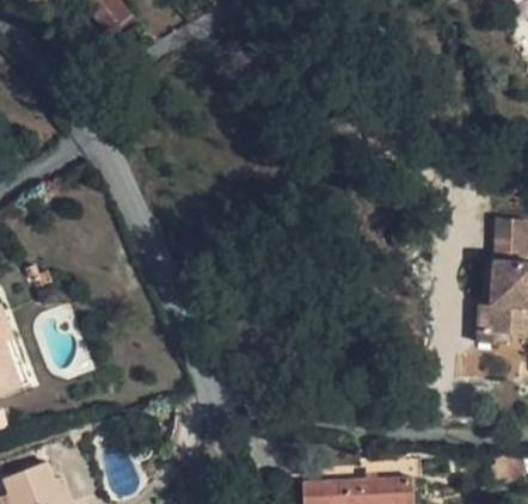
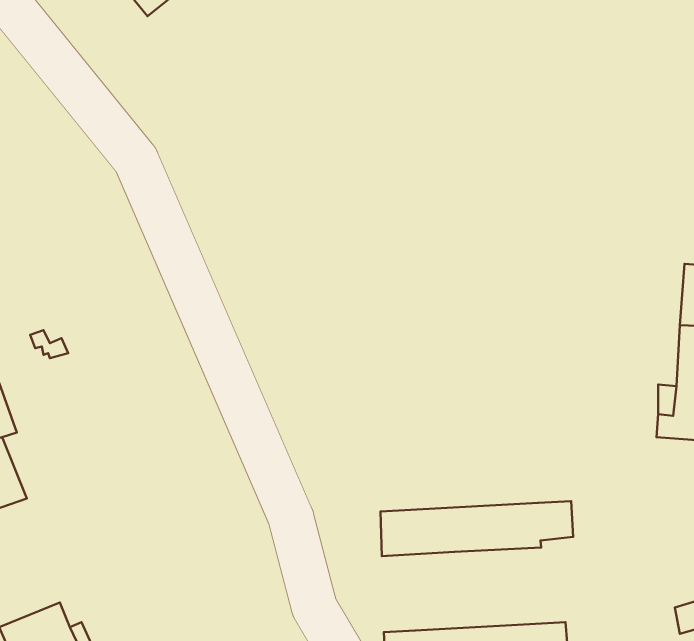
building: none -> [381,501,573,556]

